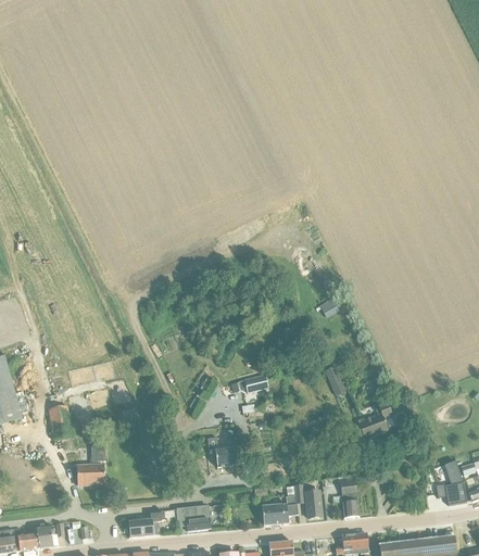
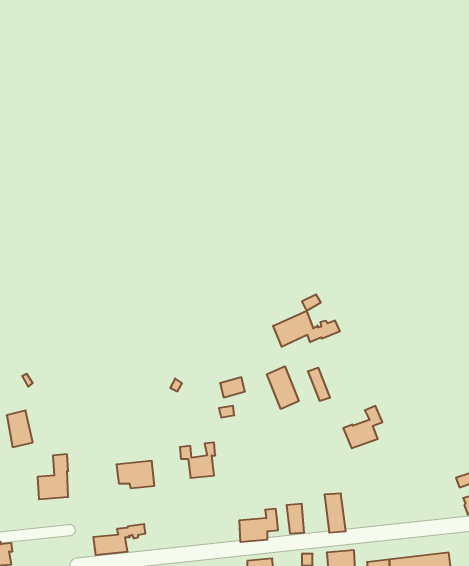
building: none -> [273,311,340,347]
building: none -> [267,366,299,409]
building: [436,462,467,505] -> none
building: [175,506,210,531] -> [116,461,154,488]

